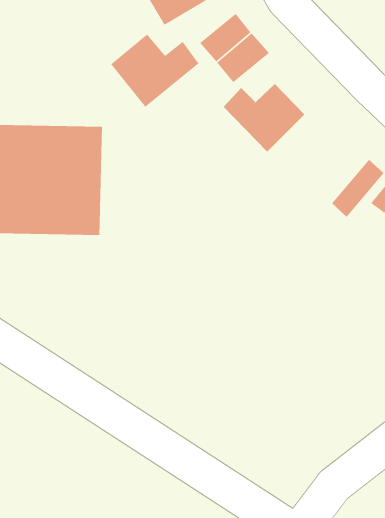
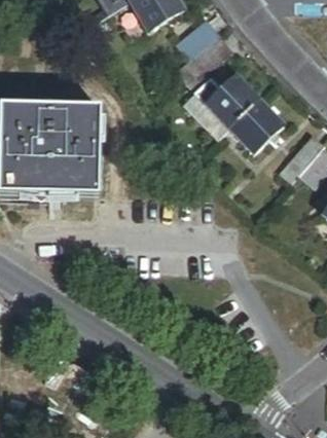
building: [110,33,200,108] -> none
building: none -> [229,100,284,153]

